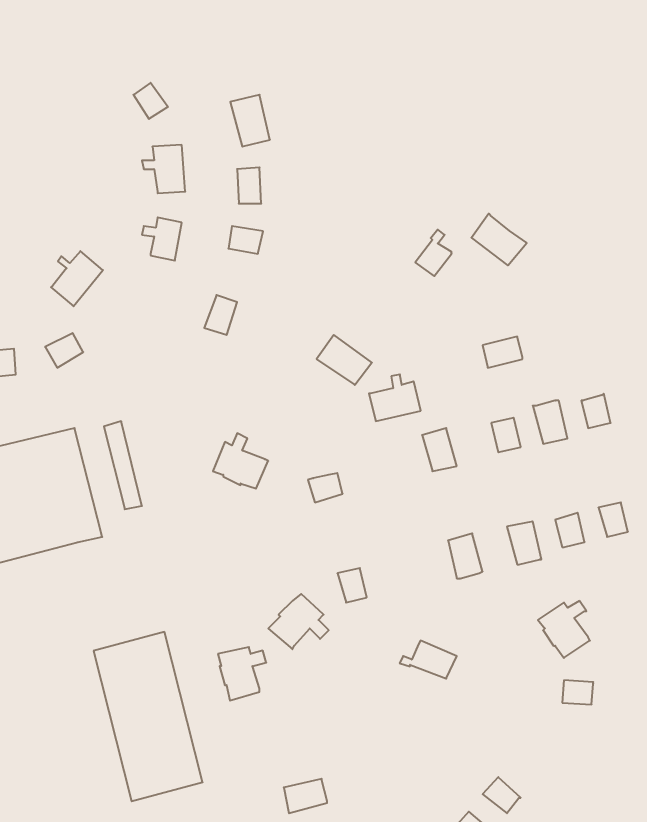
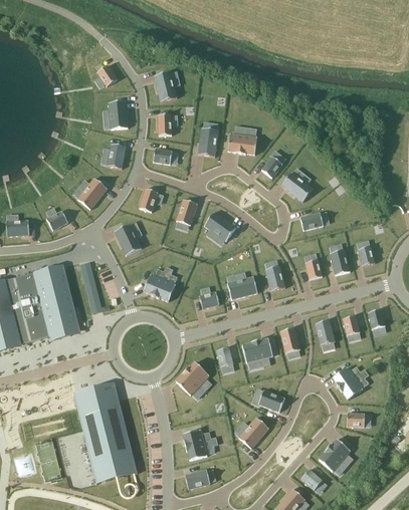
building: none -> [228,125,257,154]
building: none -> [198,128,218,156]
building: [471,214,527,265] -> [281,171,314,201]
building: [51,251,103,306] -> [77,177,108,209]
building: none -> [176,199,198,225]
building: none -> [115,223,142,255]
building: [369,374,421,421] -> [227,271,257,298]
building: none -> [242,337,273,365]
building: [218,647,266,701] -> [183,429,211,460]
building: none -> [238,417,269,448]
building: none -> [319,438,354,471]

